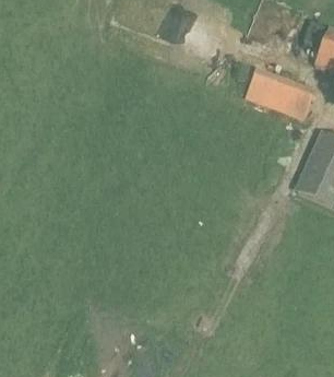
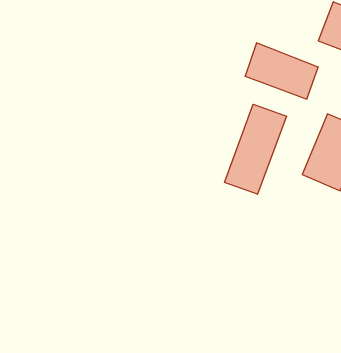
building: none -> [224,104,286,194]

